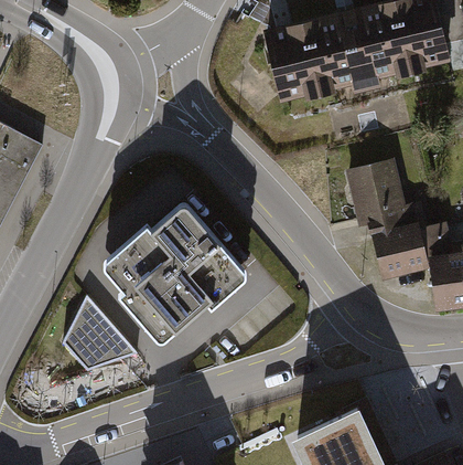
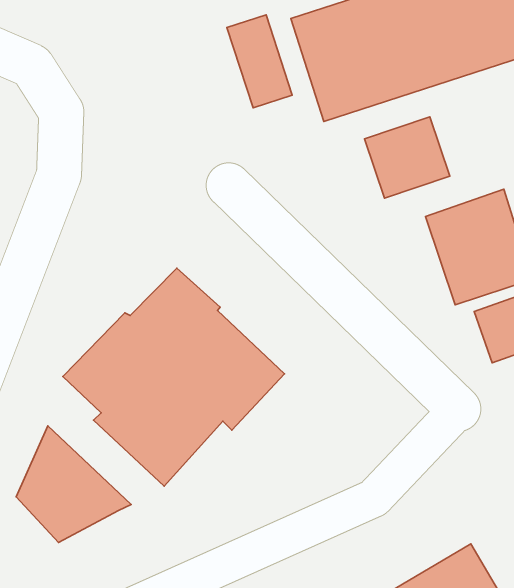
building: none -> [227,15,292,108]
building: none -> [364,117,450,198]

